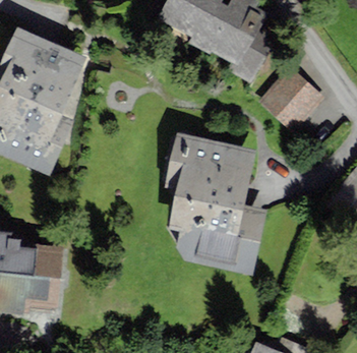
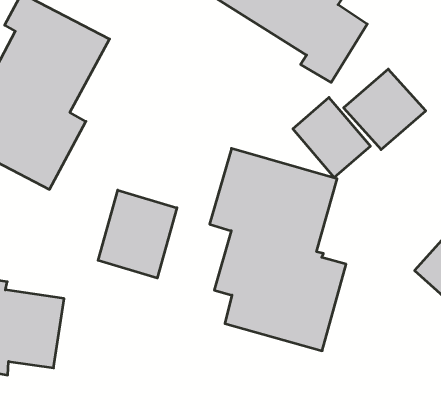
building: none -> [293,97,370,177]
building: none -> [98,190,177,278]

